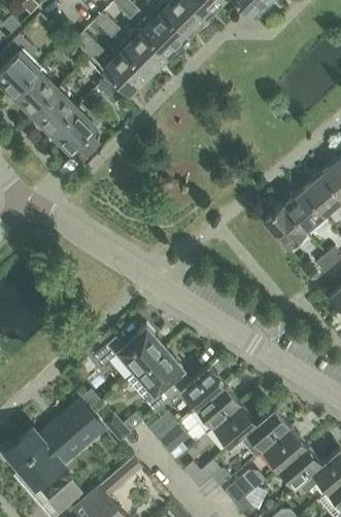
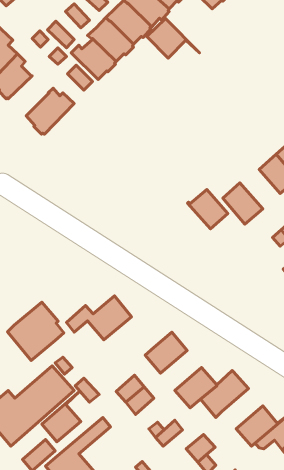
building: none -> [147,19,200,58]
building: [32,84,76,134] -> none
building: [281,191,325,233] -> [188,190,228,229]
building: [128,349,189,412] -> [7,302,64,360]
building: [196,385,240,428] -> none
building: [262,426,306,470] -> none
building: none -> [42,391,81,442]

